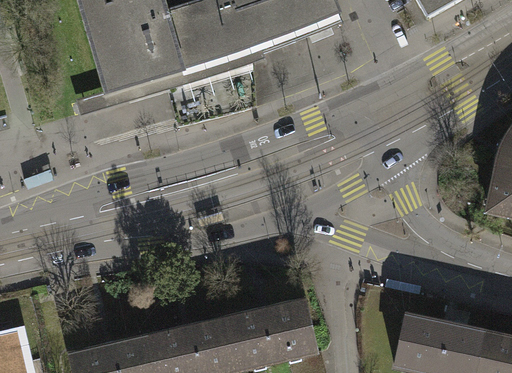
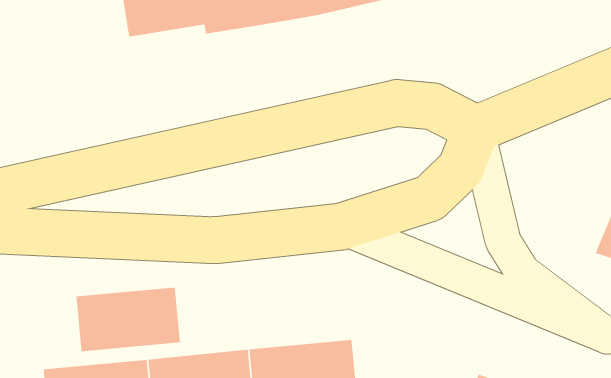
building: none -> [76,287,181,352]

